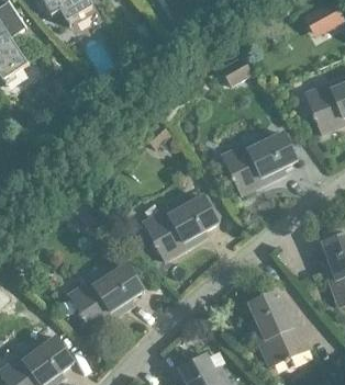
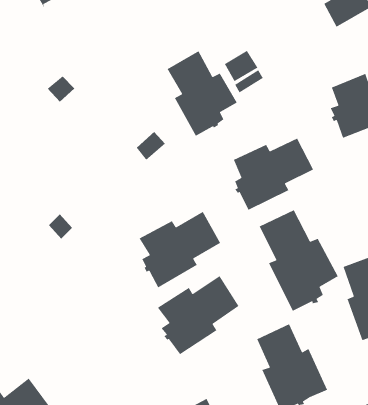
building: none -> [166,50,238,137]
building: none -> [259,209,339,312]
building: [74,262,144,330] -> [157,275,239,355]

